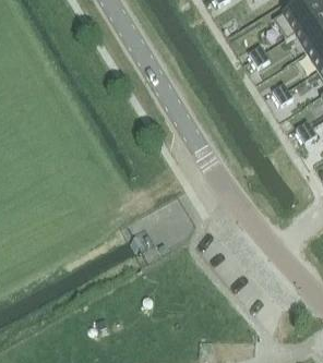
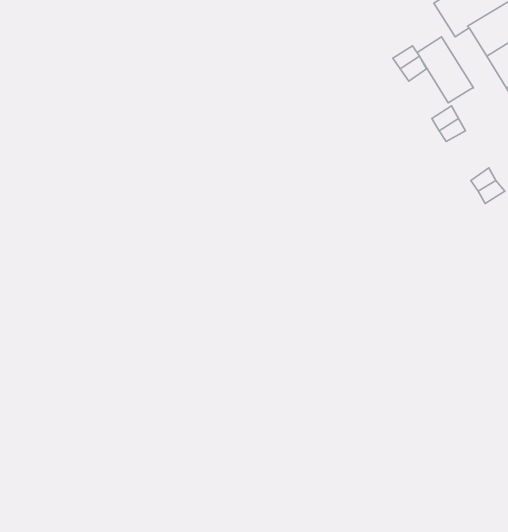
building: none -> [417,37,474,103]

